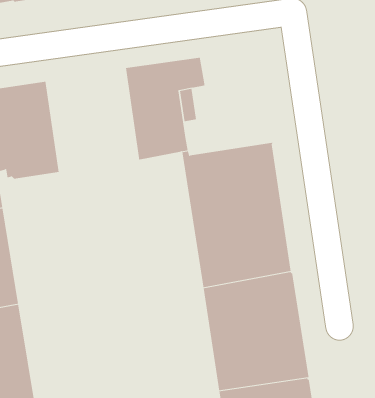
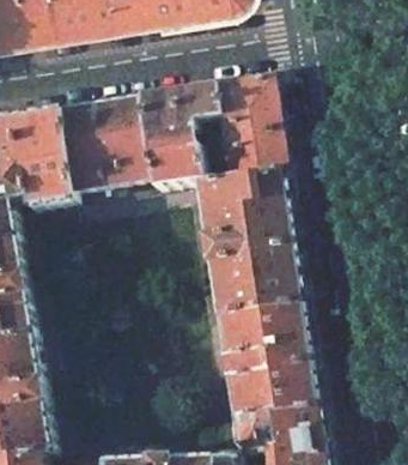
building: none -> [199,81,286,189]
building: none -> [59,102,151,206]

